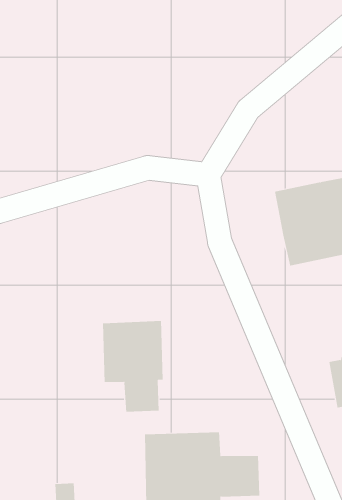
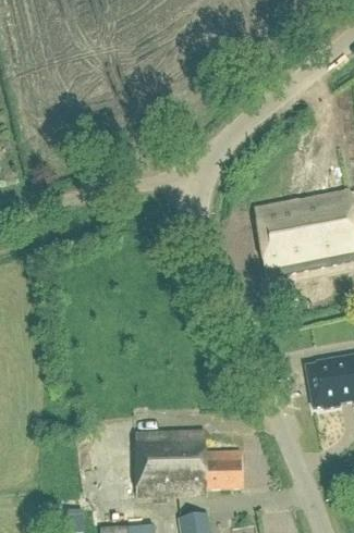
building: [102,320,163,412] -> none

